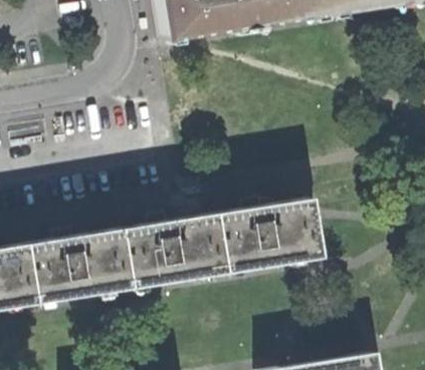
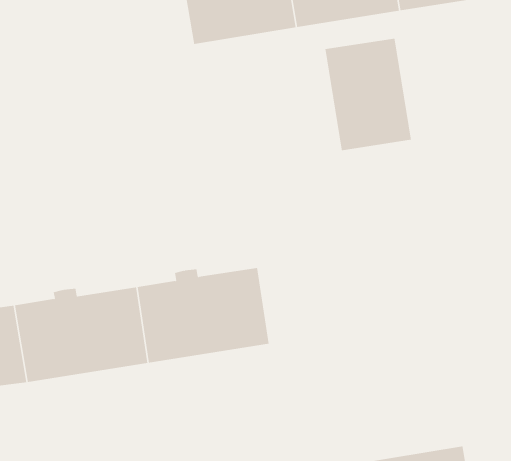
building: none -> [325,38,412,151]
building: [215,200,317,274] -> none

